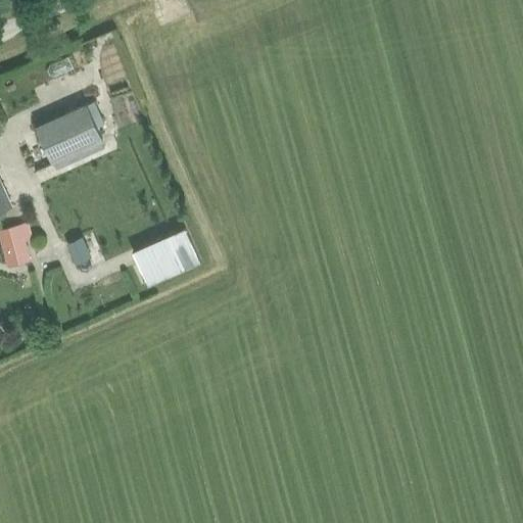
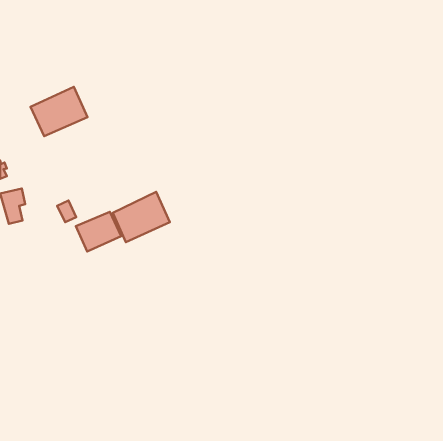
building: none -> [76,212,121,251]

